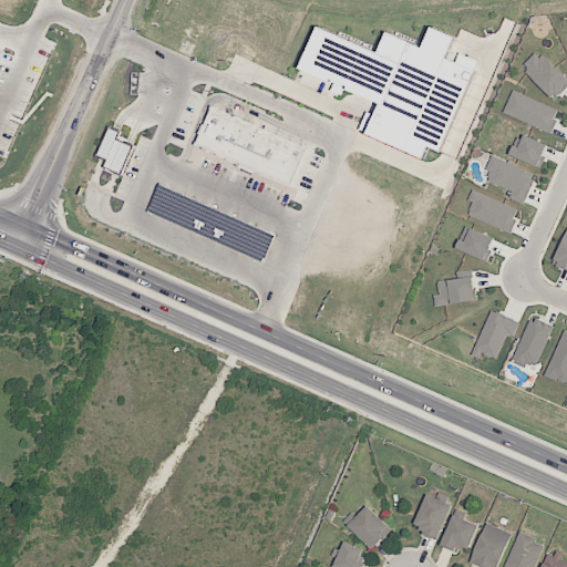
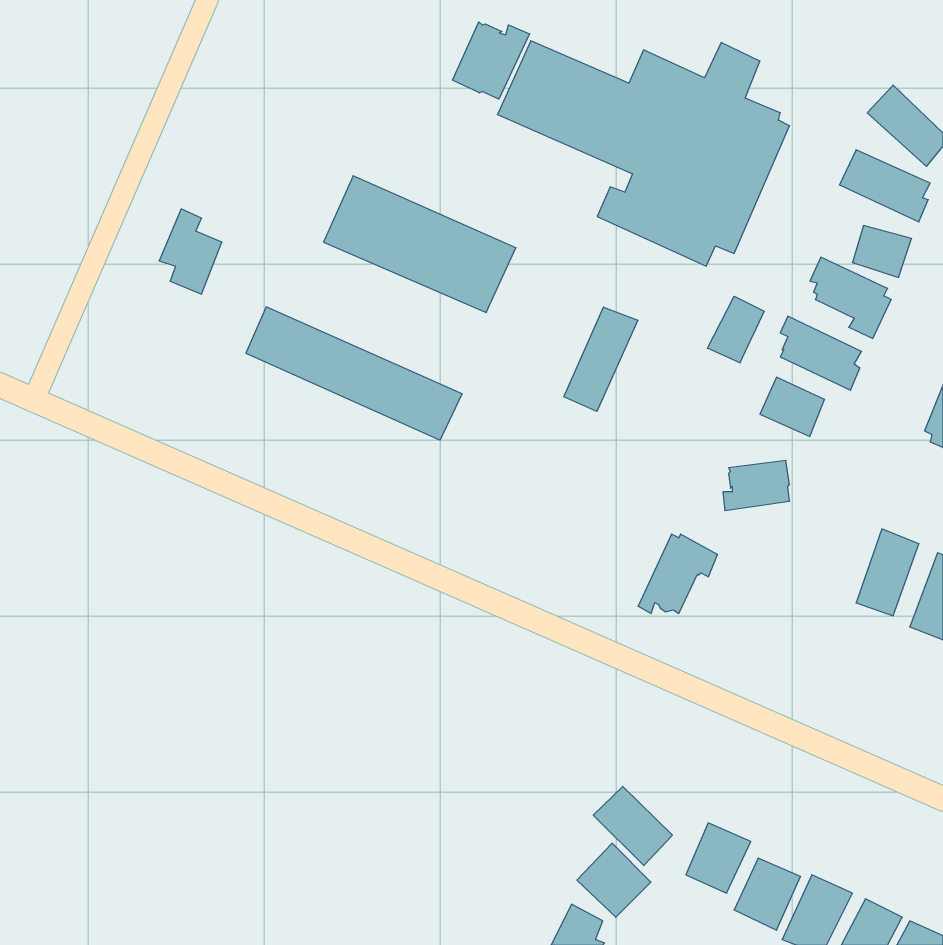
building: none -> [453,22,530,99]
building: none -> [707,296,764,363]
building: none -> [564,307,638,411]
building: [471,310,518,358] -> [638,534,718,614]
building: none -> [593,786,672,866]

